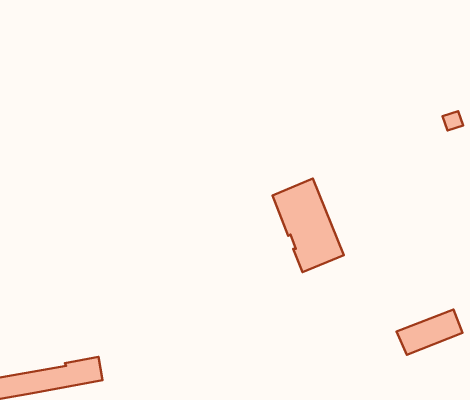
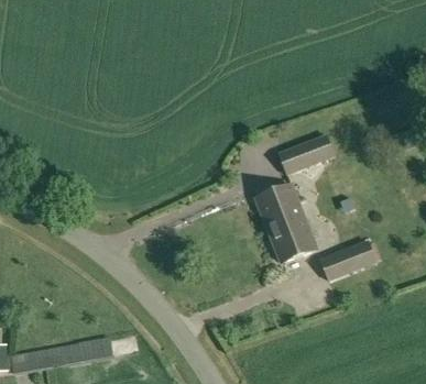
building: none -> [278,135,335,175]
building: [397,309,463,355] -> [320,242,376,281]

